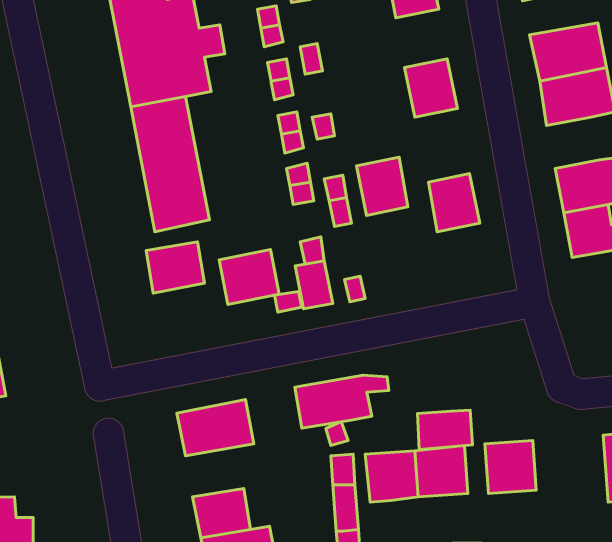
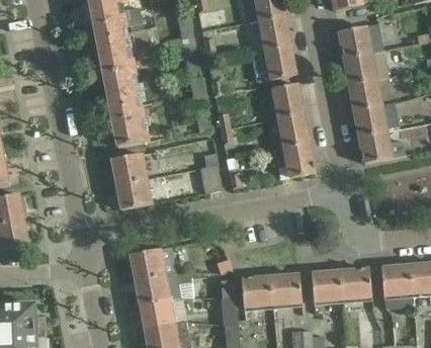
building: none -> [259,15,289,50]
building: none -> [348,79,379,109]
building: [356,157,408,215] -> [272,83,303,117]
building: none -> [283,142,314,177]
building: [219,250,279,304] -> [115,177,151,209]
building: [295,375,389,428] -> [135,272,190,303]
building: [418,410,473,450] -> none
building: none -> [340,268,371,299]

